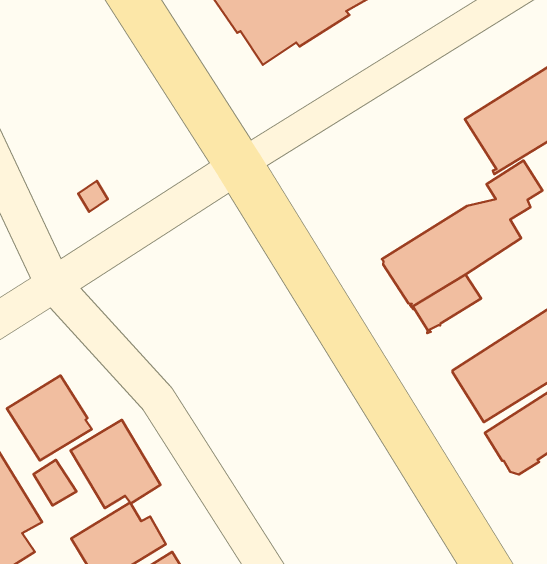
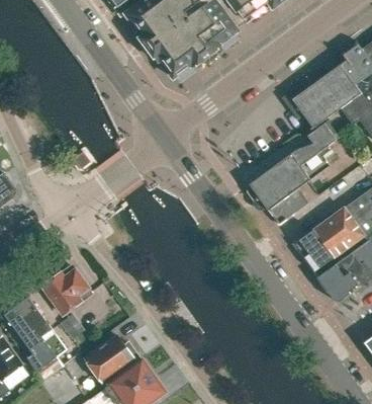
building: [71,420,160,508] -> none

